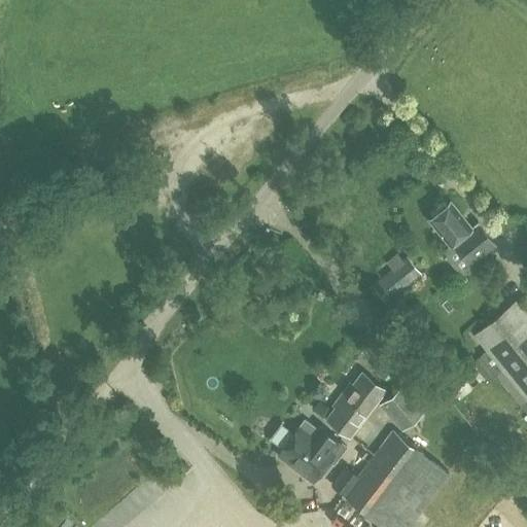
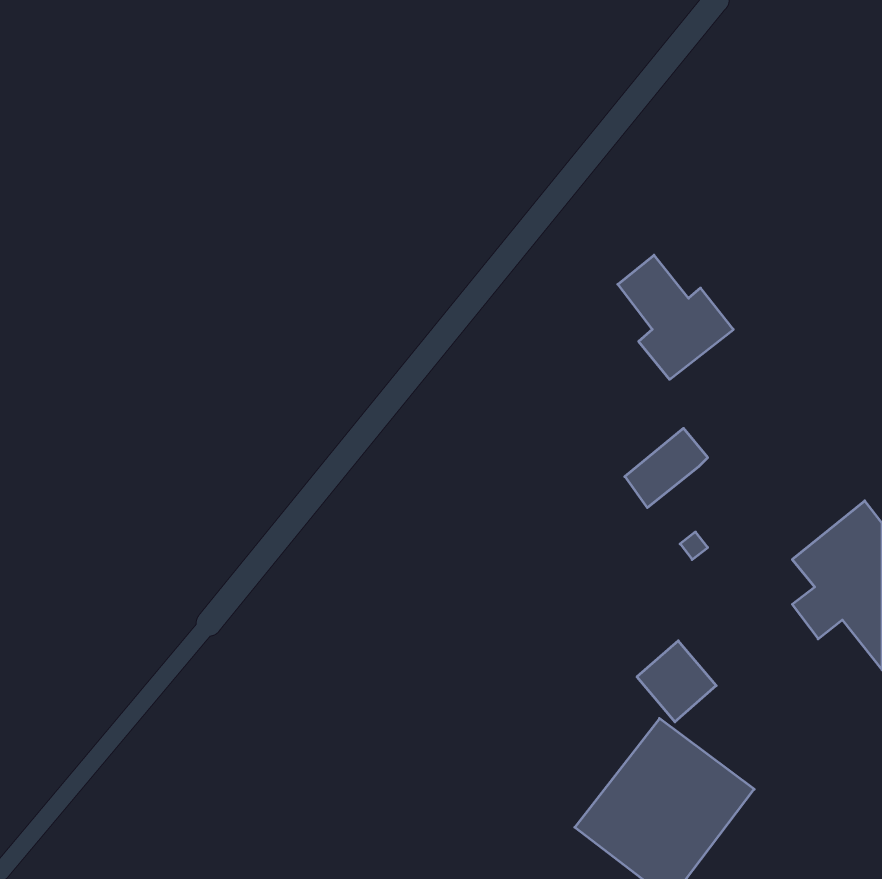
building: [429,202,498,276] -> [618,255,733,379]
building: [327,374,386,437] -> none
building: [278,420,347,484] -> none

